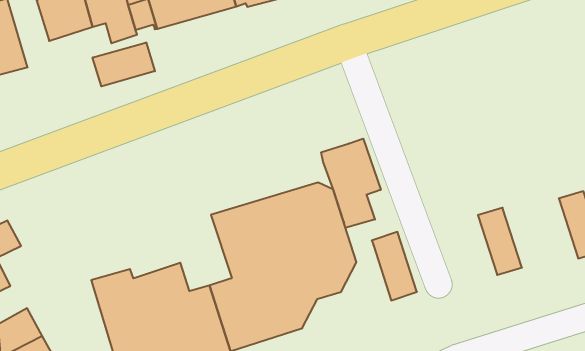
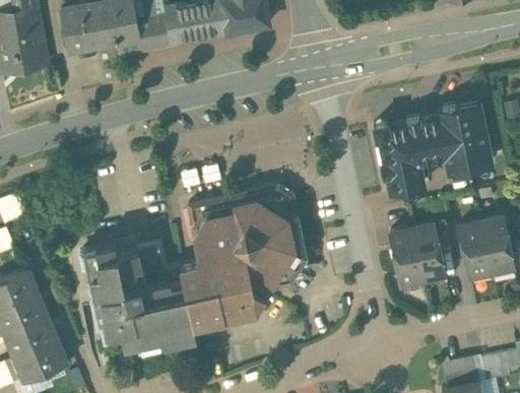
building: [93,42,155,86] -> none
building: none -> [375,91,498,195]
building: [321,139,381,228] -> none
building: none -> [458,222,492,279]
building: [372,232,417,300] -> [389,230,422,286]

